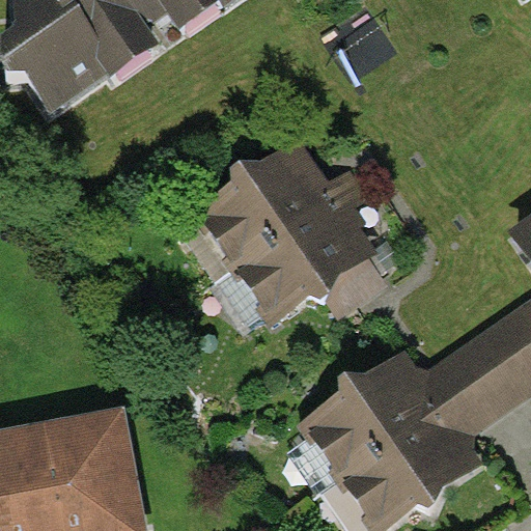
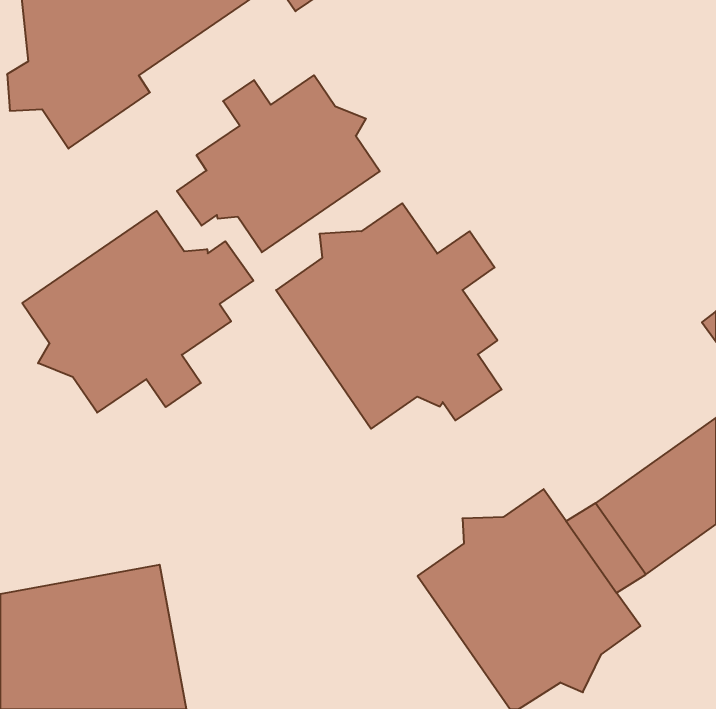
building: none -> [177,75,380,252]
building: none -> [22,211,253,413]

